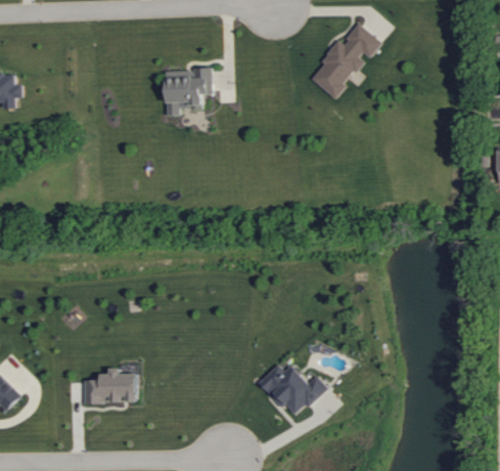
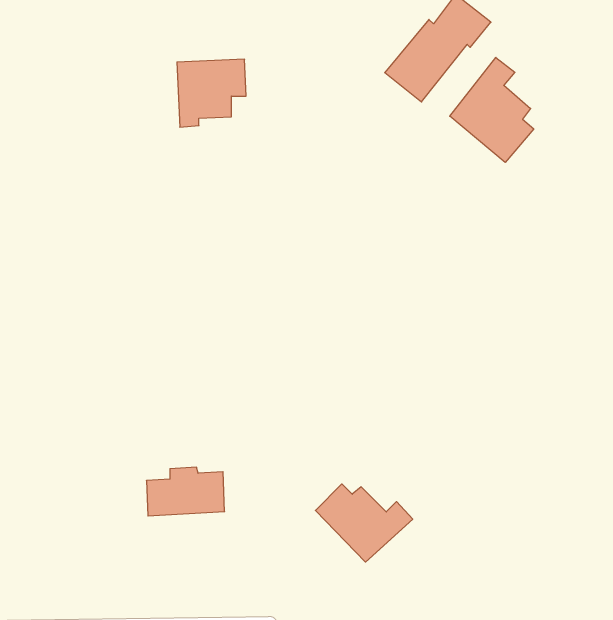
building: none -> [450,57,534,162]
building: [83,371,137,404] -> [146,467,225,516]

